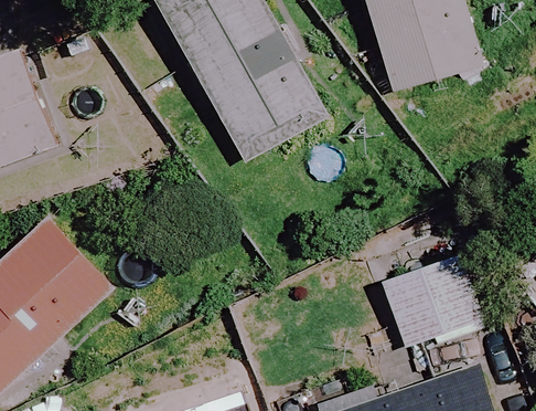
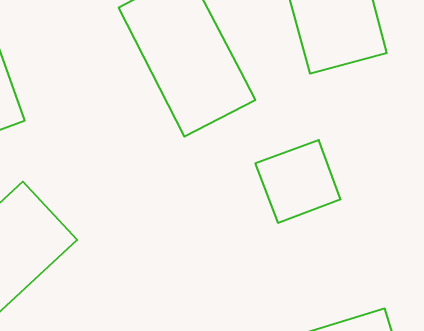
building: [376,251,476,348] -> [255,140,341,223]

